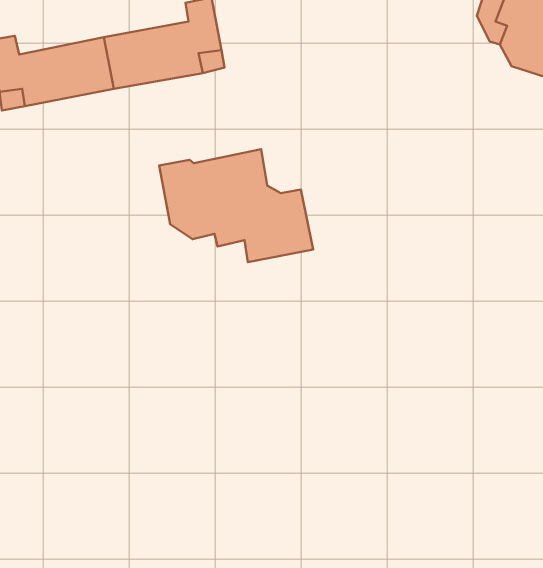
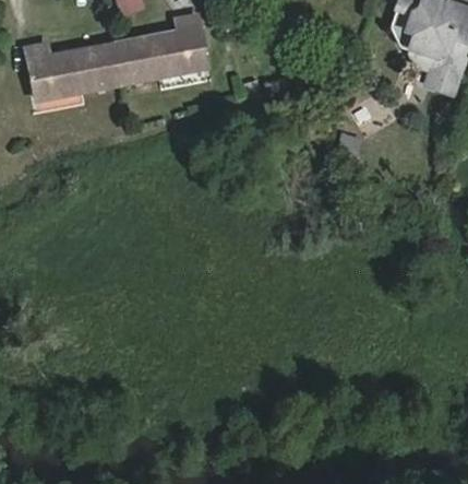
building: [159,149,313,262] -> none

